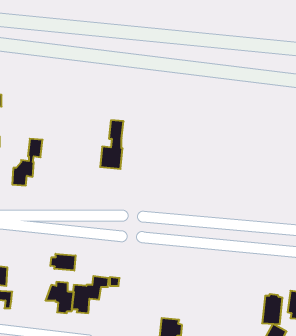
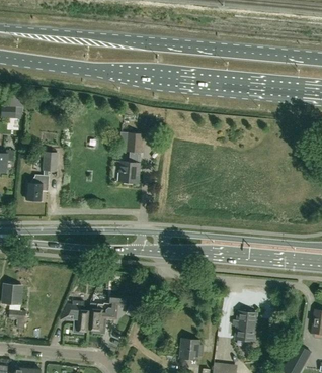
building: [50,254,76,271] -> none
building: [262,294,283,324] -> [235,309,256,341]

